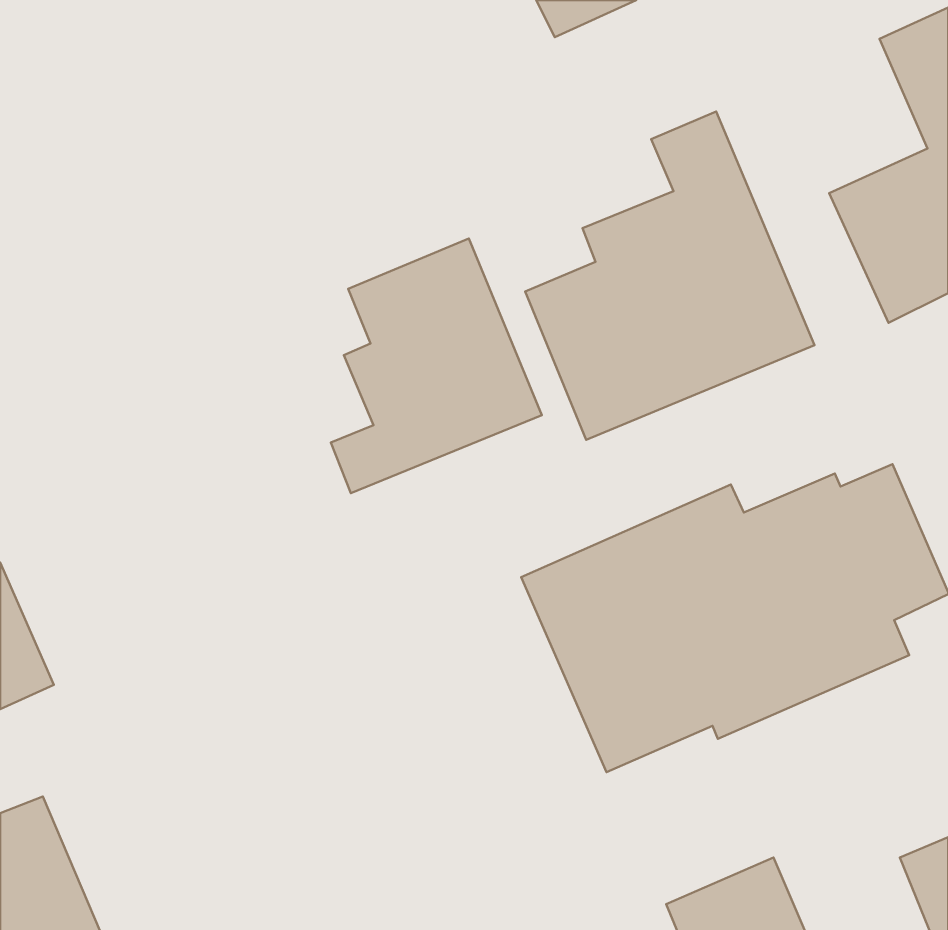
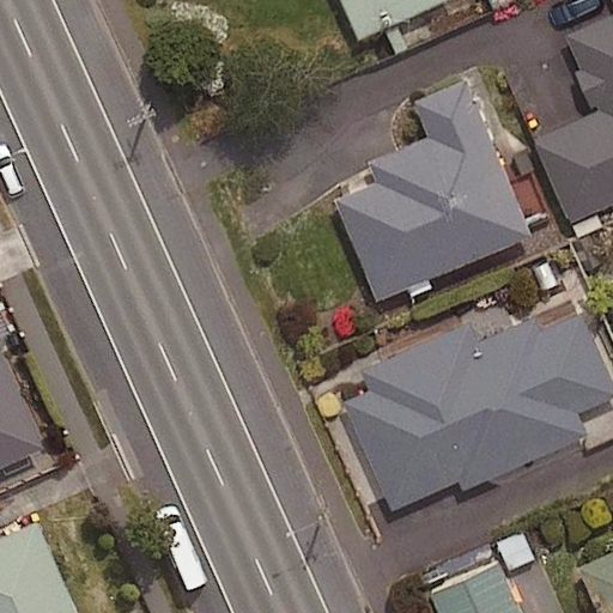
building: [331,239,542,493] -> none

